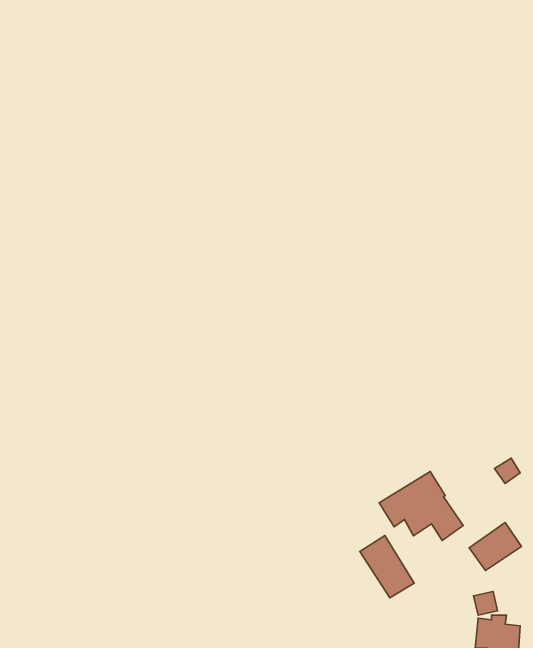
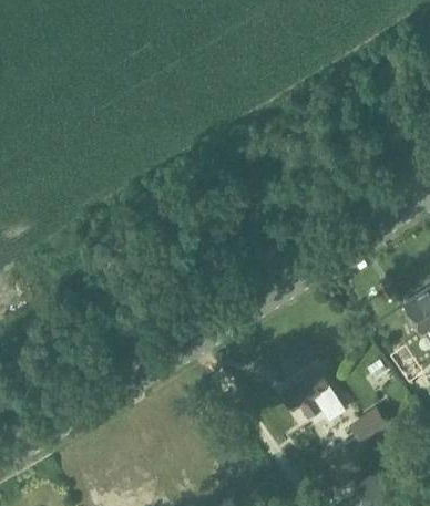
building: [360,536,414,598] -> none

